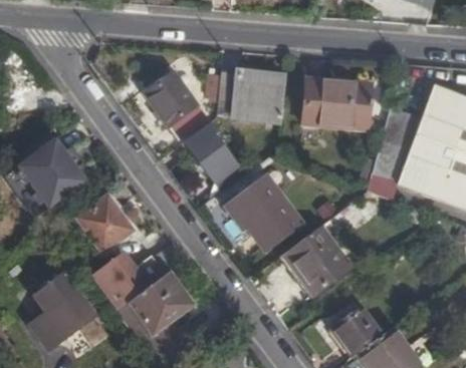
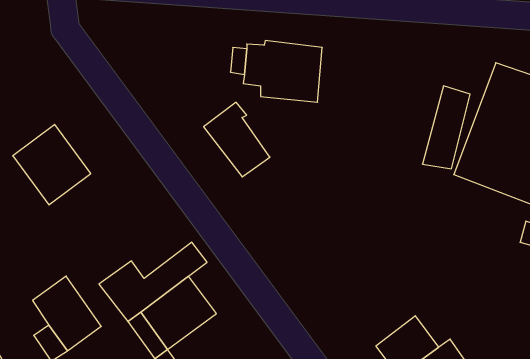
building: [144,72,207,139] -> none
building: [302,76,372,128] -> none
building: [224,173,302,253] -> none
building: [76,195,134,253] -> none
building: [280,225,351,294] -> none

